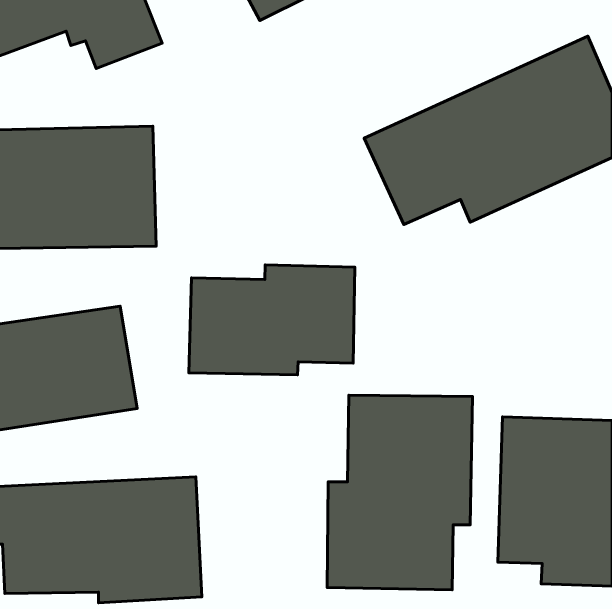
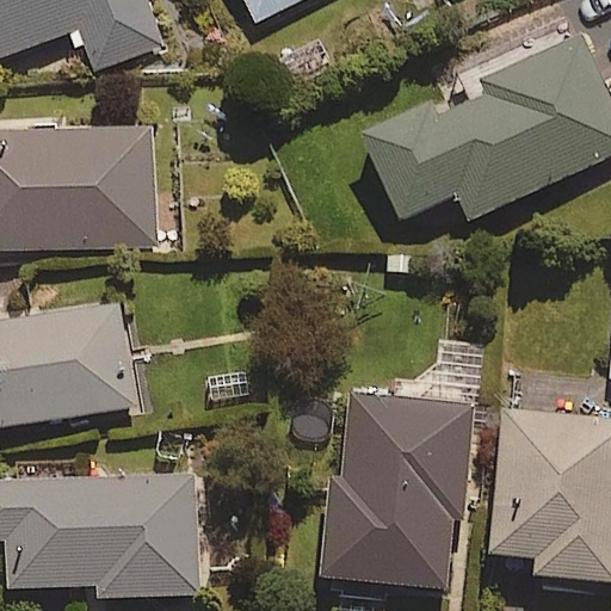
building: [189,265,355,375] -> none

